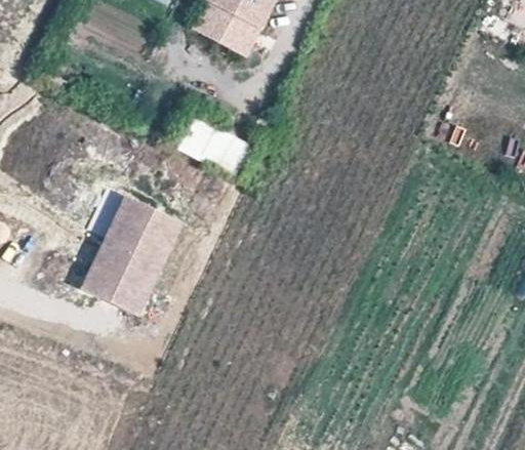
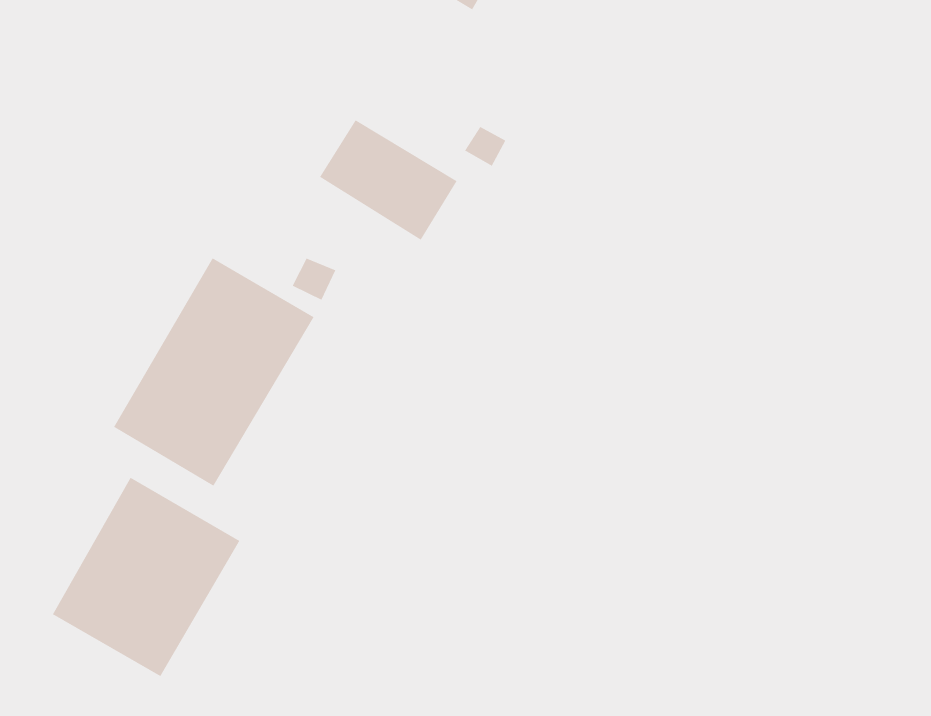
building: none -> [52,477,240,677]

